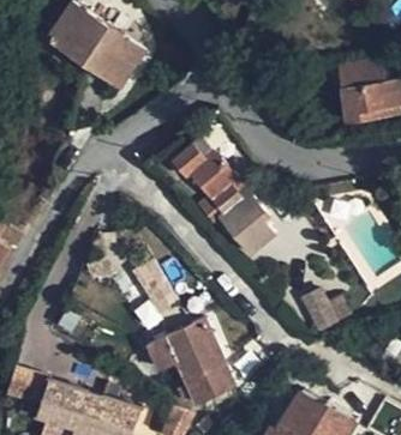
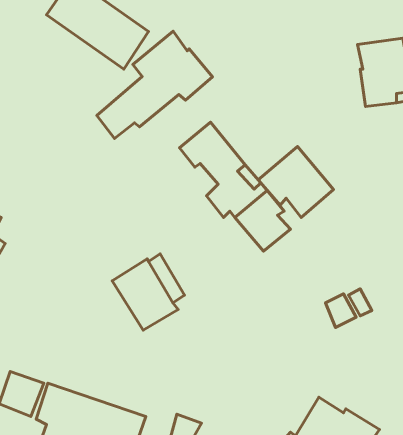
building: none -> [97,31,213,139]
building: none -> [258,147,333,217]
building: [148,321,234,406] -> none

